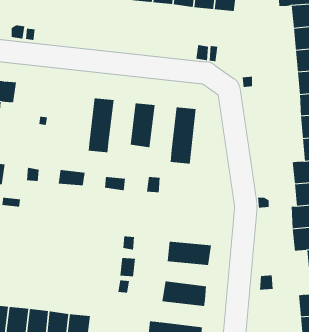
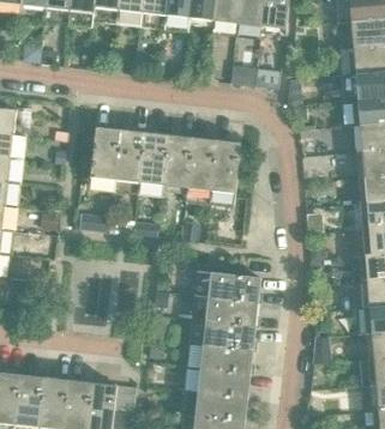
building: none -> [90,127,120,180]
building: none -> [138,132,168,185]
building: none -> [185,138,216,205]
building: none -> [207,272,260,302]
building: none -> [203,321,254,350]
building: none -> [197,368,249,398]

